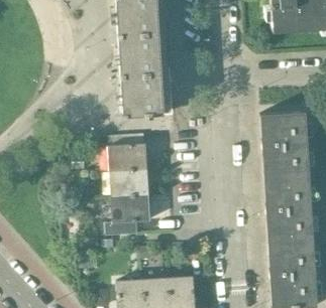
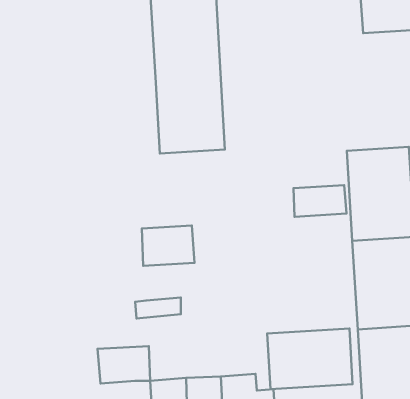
building: none -> [294,185,346,217]
building: [109,144,147,170] -> none
building: [112,195,150,222] -> [98,346,150,383]
building: none -> [267,329,353,389]

